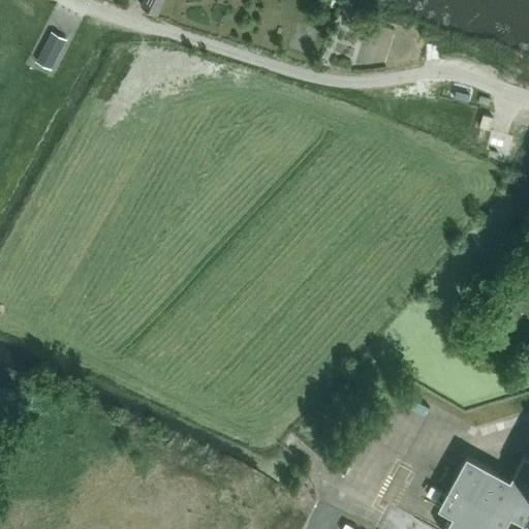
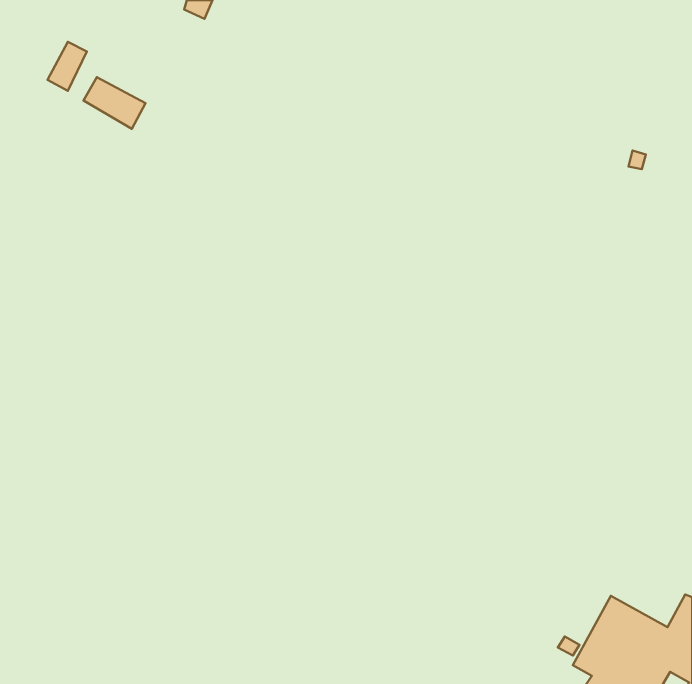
building: none -> [83,77,145,129]

